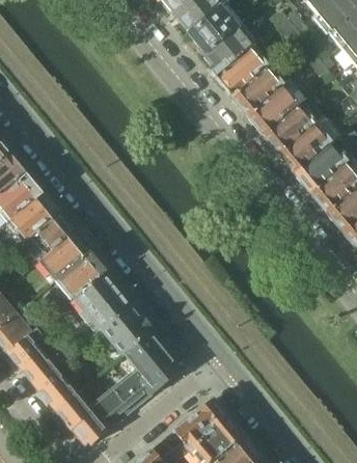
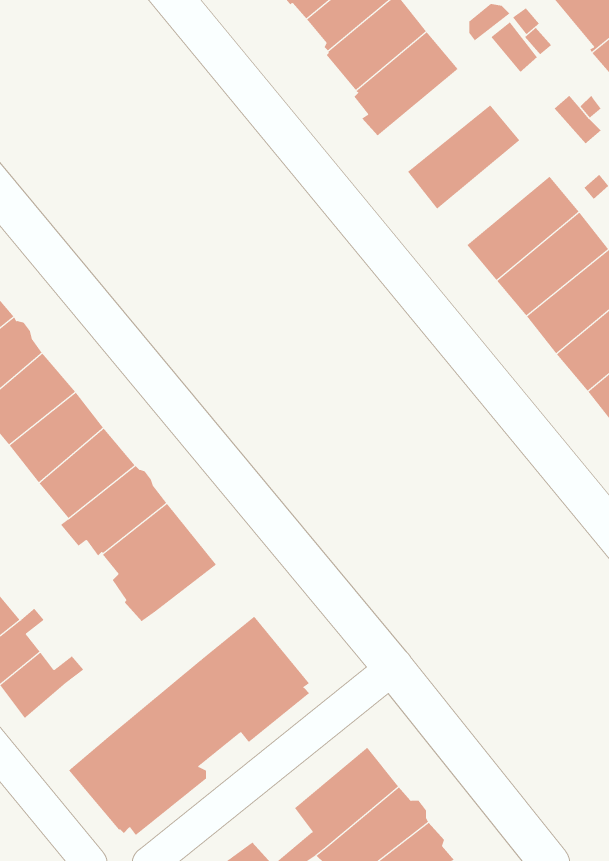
building: [218,43,277,98] -> none
building: [249,81,308,136] -> none
building: [102,303,156,354] -> none
building: [33,365,77,411] -> none

